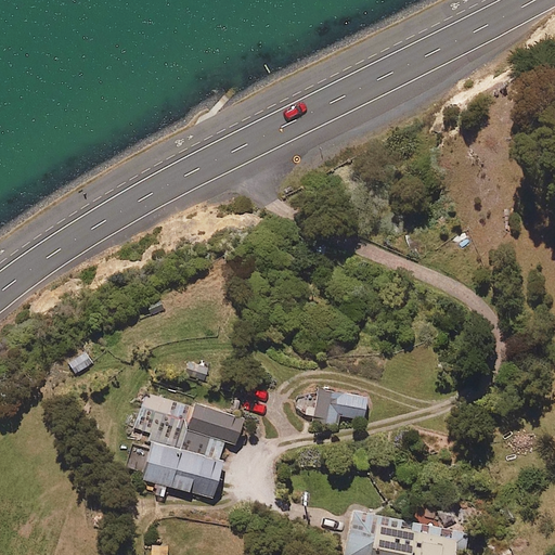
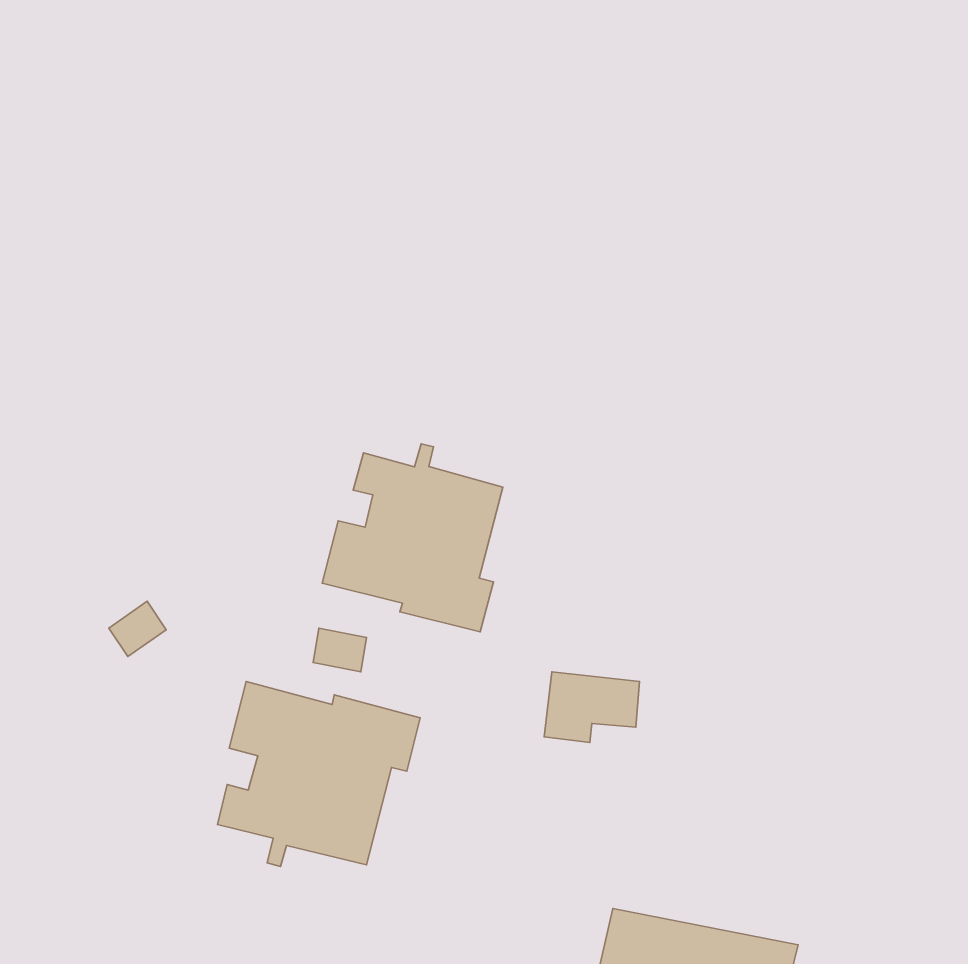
building: none -> [322,444,503,632]

